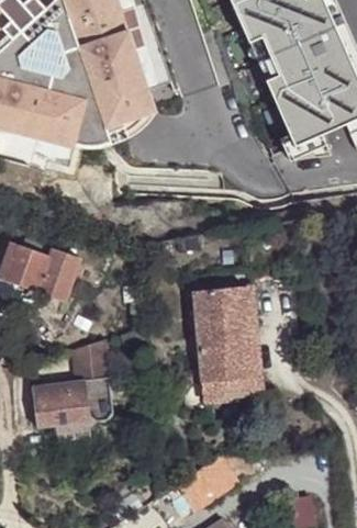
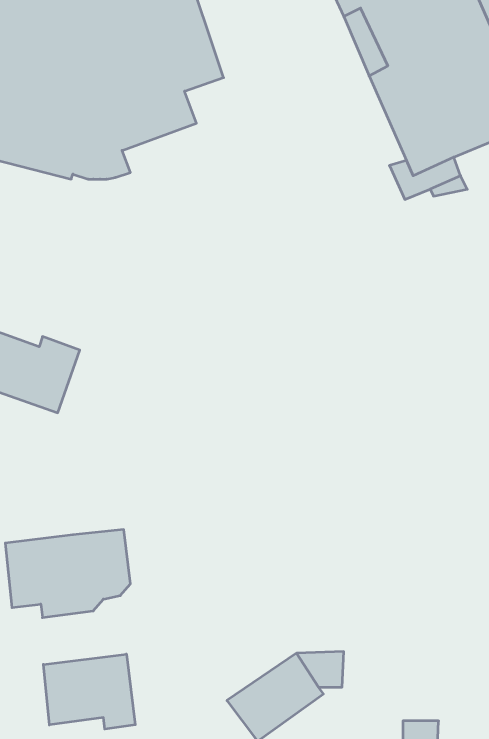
building: [192,290,260,403] -> none
building: [71,338,109,379] -> none
building: none -> [43,654,135,729]

